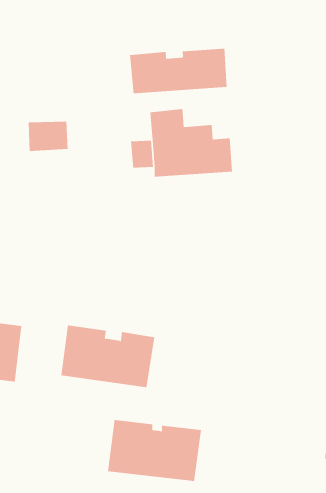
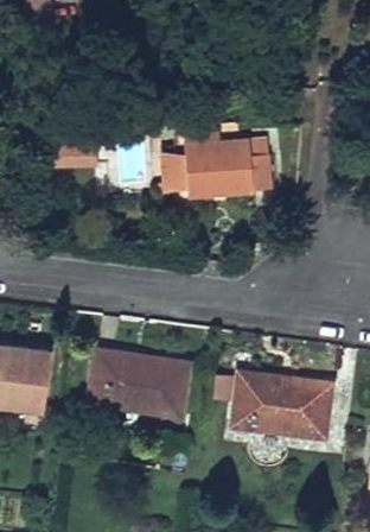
building: [130,48,227,94] -> none
building: [107,420,202,482] -> [231,373,331,438]

